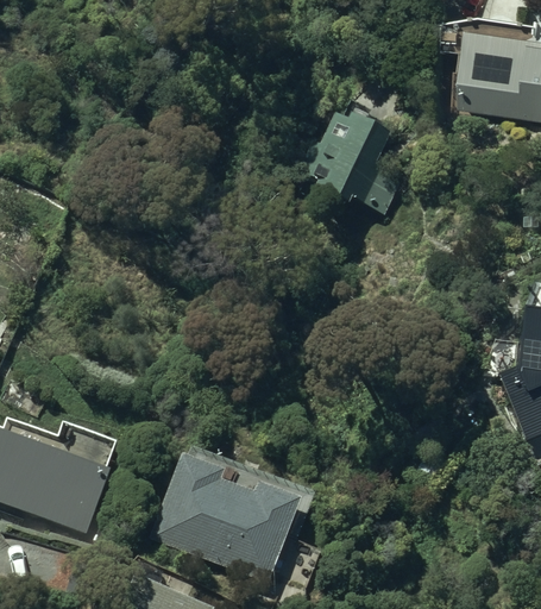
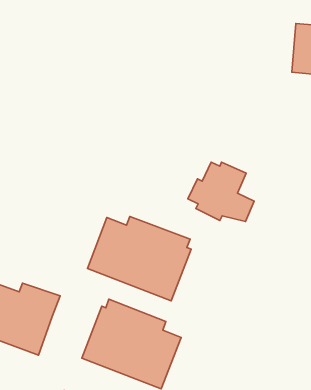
building: [297,124,396,212] -> [188,162,254,221]
building: none -> [88,216,191,301]

